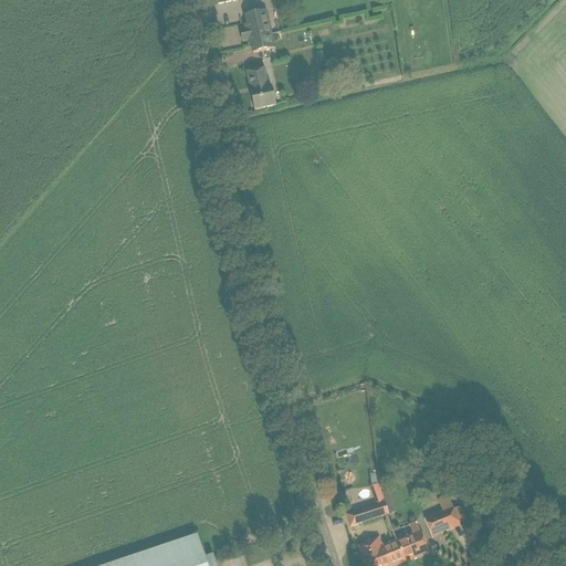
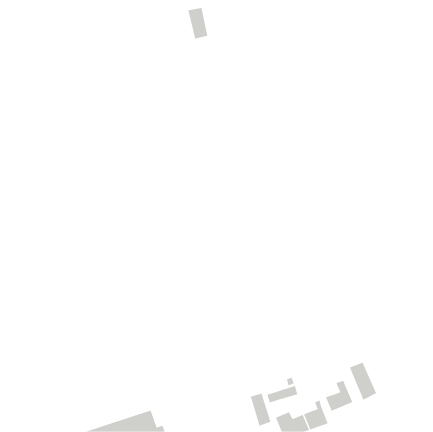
building: [247,65,276,108] -> none
building: none -> [349,362,377,400]
building: none -> [250,393,271,427]

